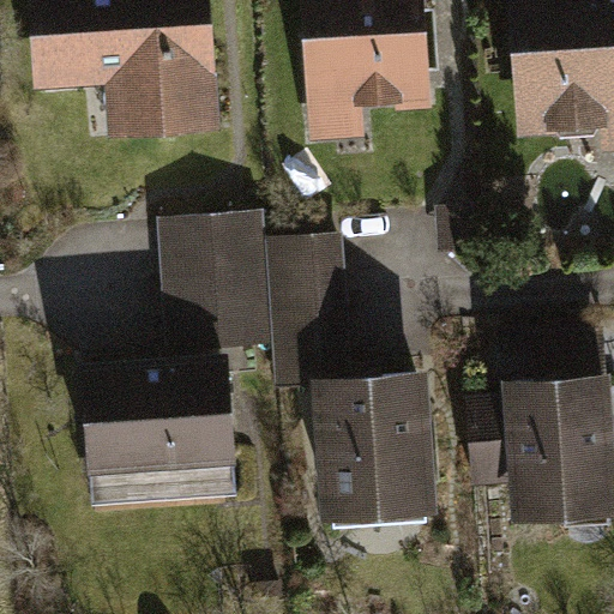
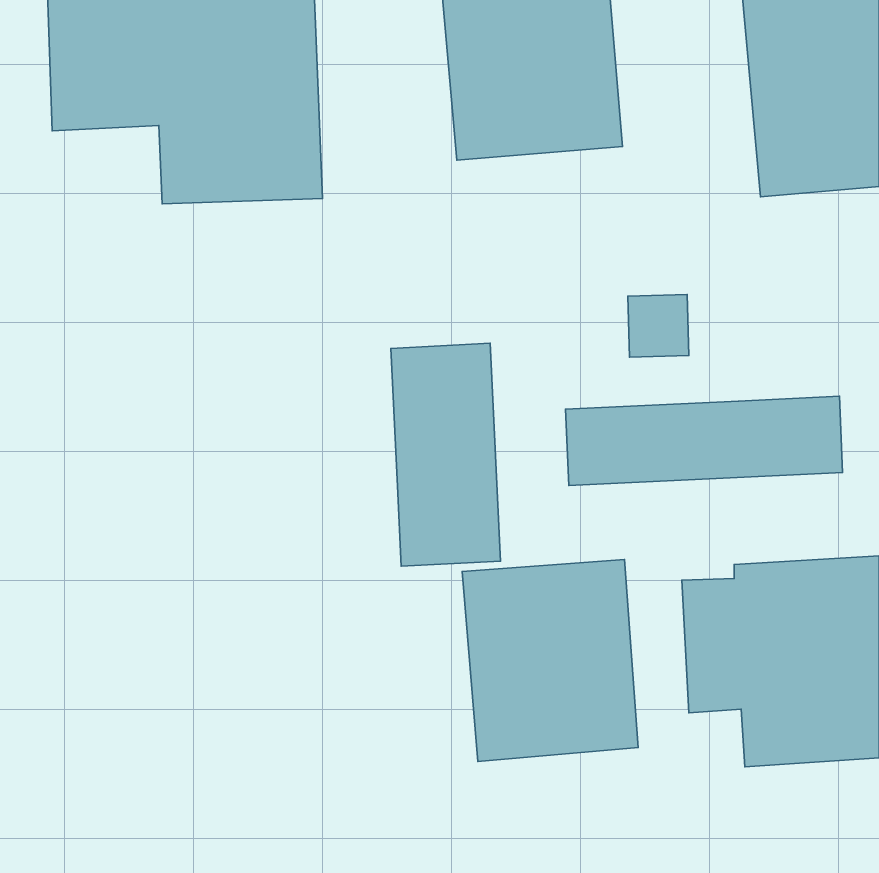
building: [155,210,273,339] -> none
building: none -> [566,396,842,486]
building: [86,355,235,490] -> none

